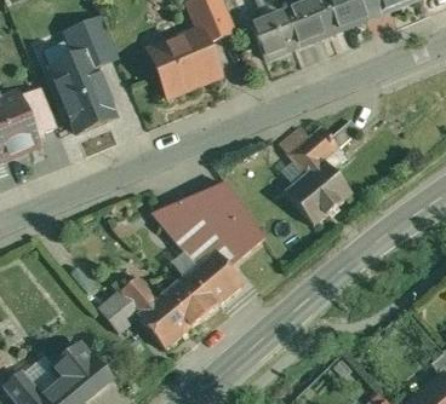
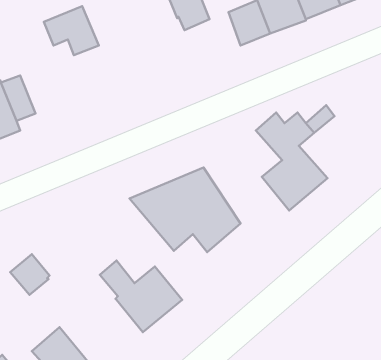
building: [149,29,218,96] -> none
building: [50,52,114,133] -> none
building: [176,249,242,316] -> none
building: [98,290,138,331] -> [10,254,50,295]

